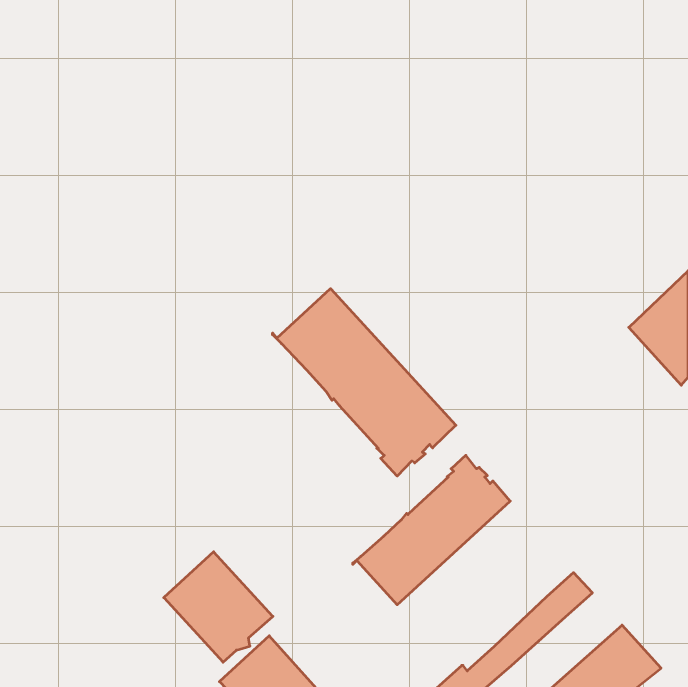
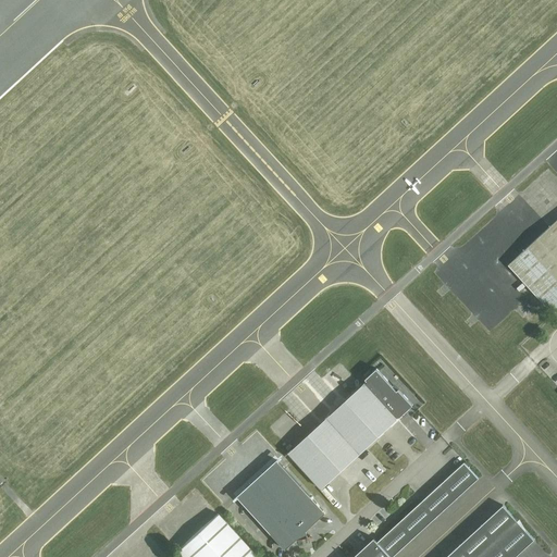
building: [272,289,456,476] -> none
building: [164,552,273,662] -> [237,461,325,550]

